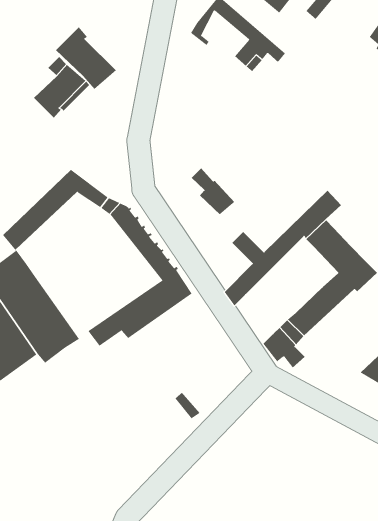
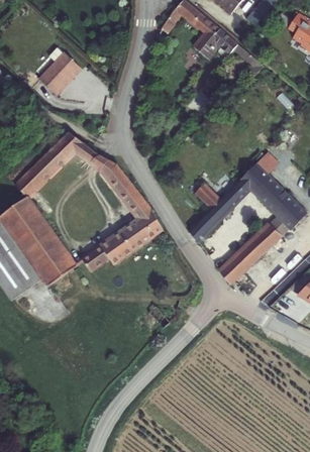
building: [55,27,117,90] -> none
building: [191,167,235,215] -> none

